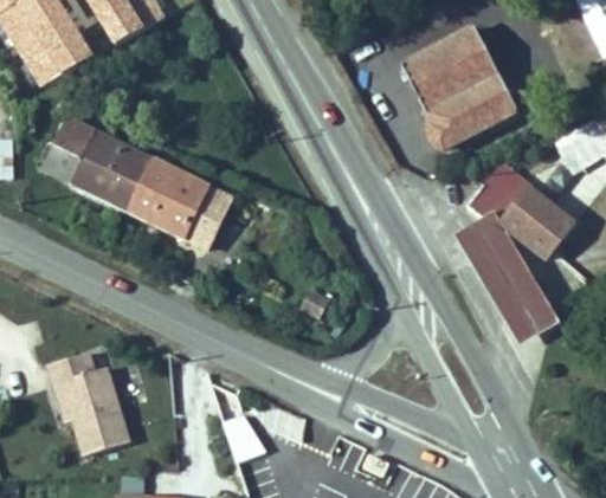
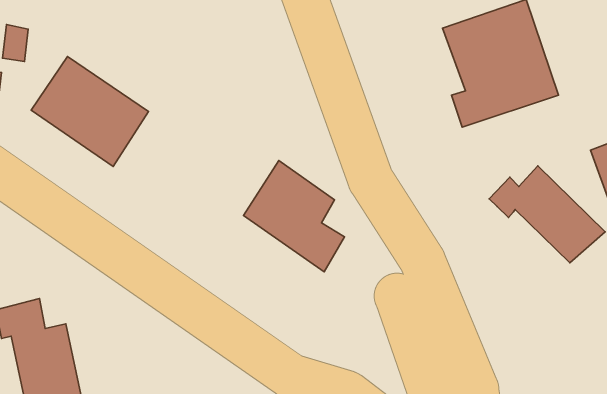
building: [129,172,223,265] -> [244,161,344,272]
building: [447,207,555,336] -> none

